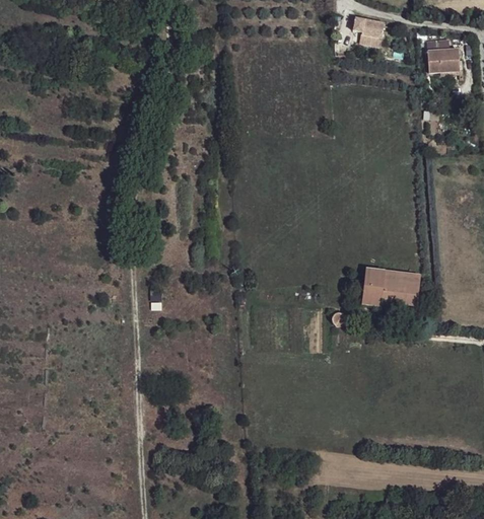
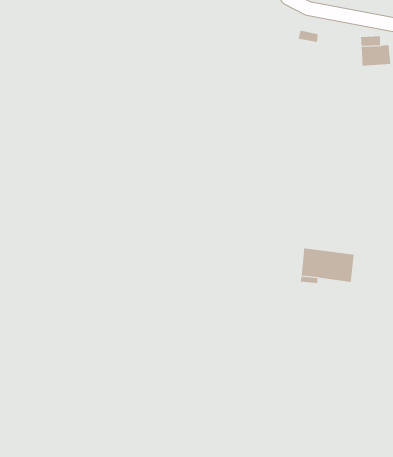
building: [353,17,384,38] -> none

